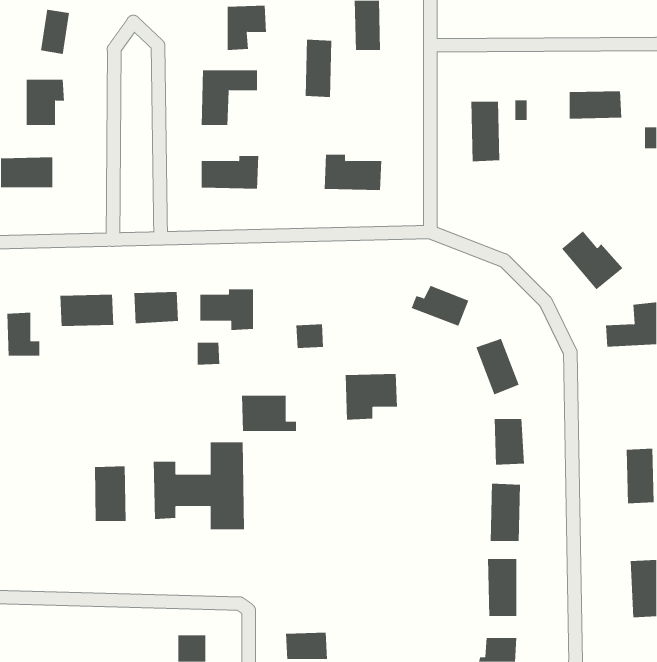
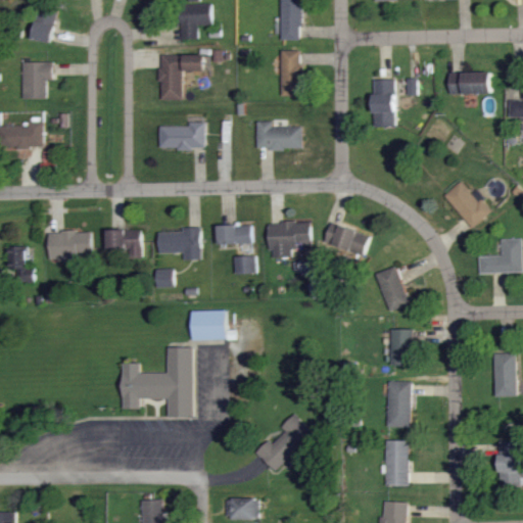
building: [305,39,332,97] -> [279,50,300,96]
building: none -> [217,225,251,245]
building: [345,374,398,420] -> [268,222,310,258]
building: [94,465,126,522] -> none
building: none -> [254,415,311,472]

